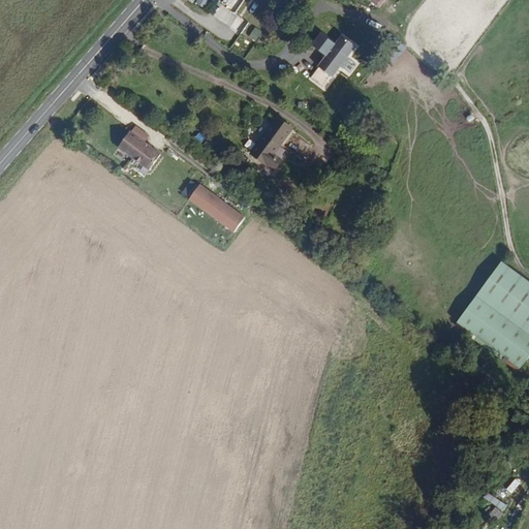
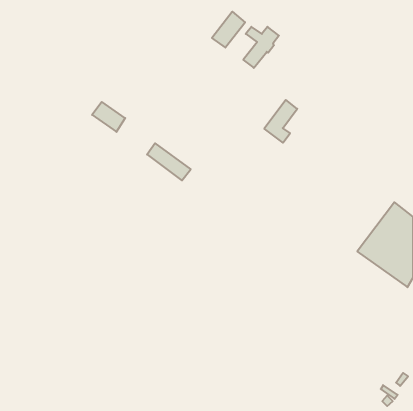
building: none -> [212,12,245,48]
building: [250,114,292,168] -> [264,100,297,143]

